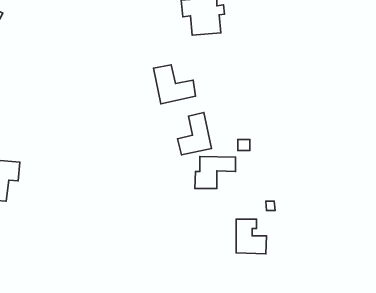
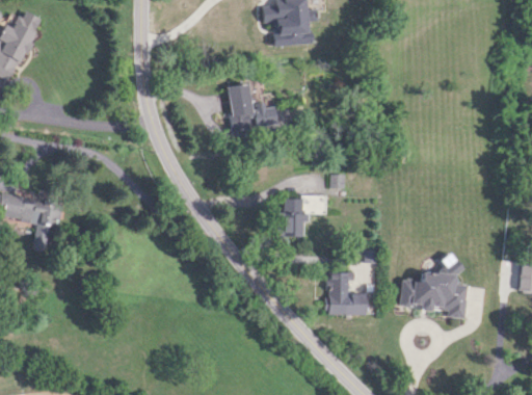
building: [177,113,212,155] -> none
building: none -> [399,267,467,318]

